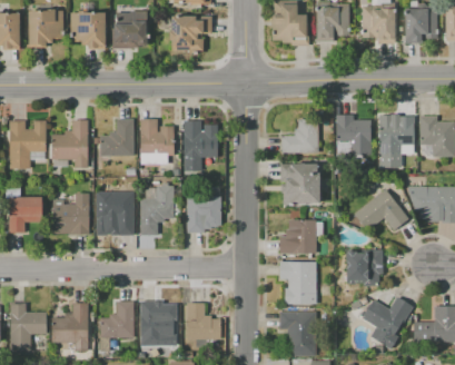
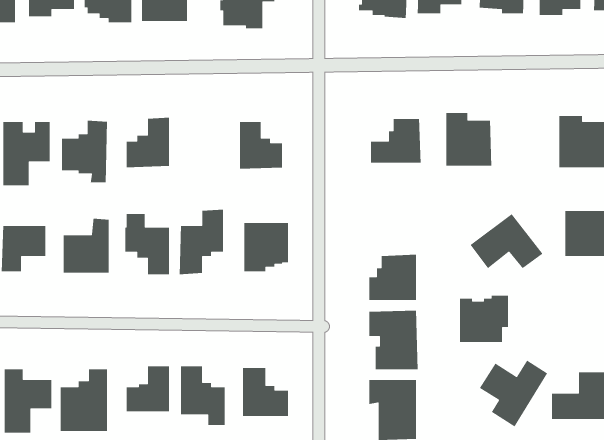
building: [378,116,414,168] -> none
building: [139,119,172,164] -> none
building: [279,164,320,204] -> none

